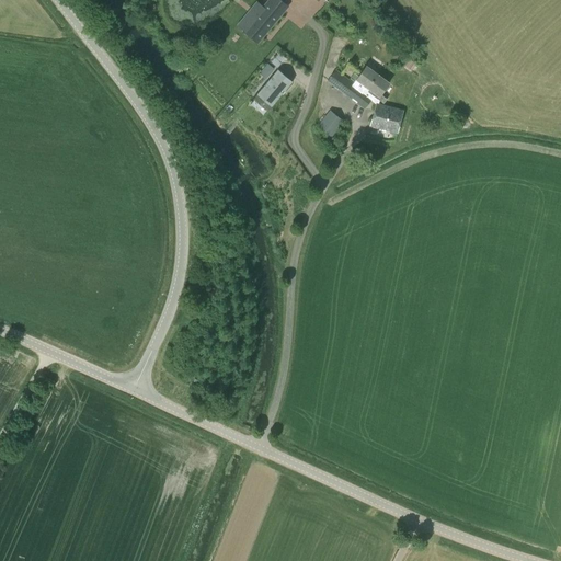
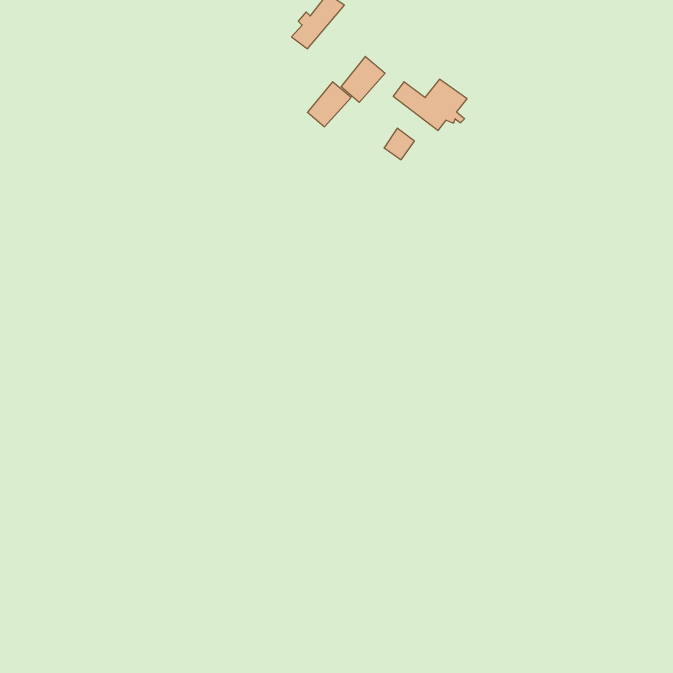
building: none -> [341,56,385,102]
building: [368,102,403,133] -> none

